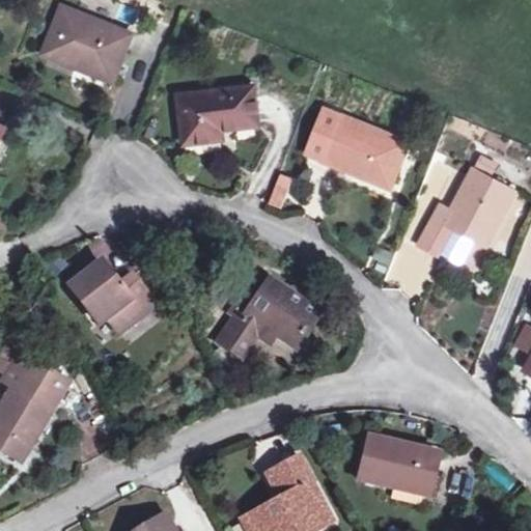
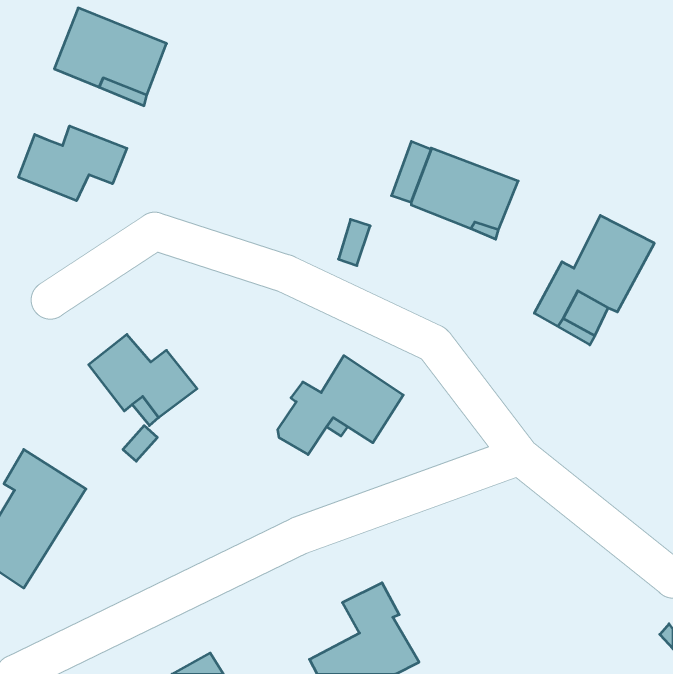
building: [177,86,259,144] -> none
building: none -> [19,126,127,201]
building: [357,436,438,488] -> none

